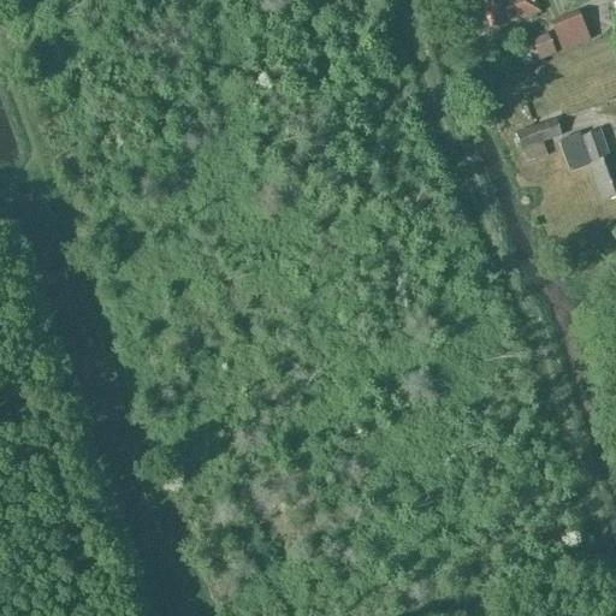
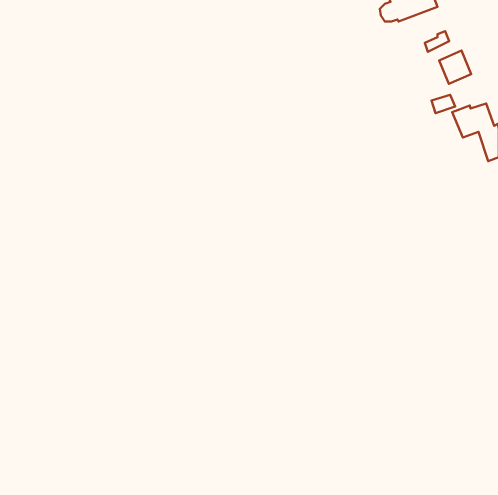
building: [551,7,591,48] -> [439,51,471,84]

